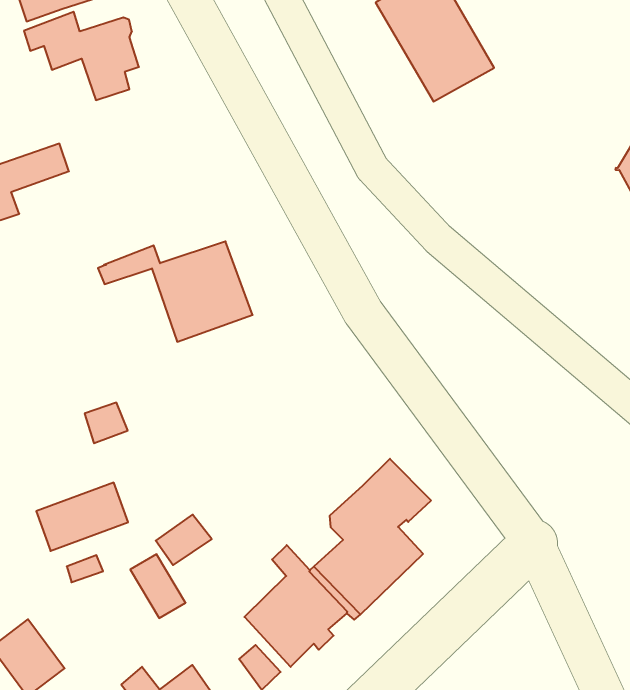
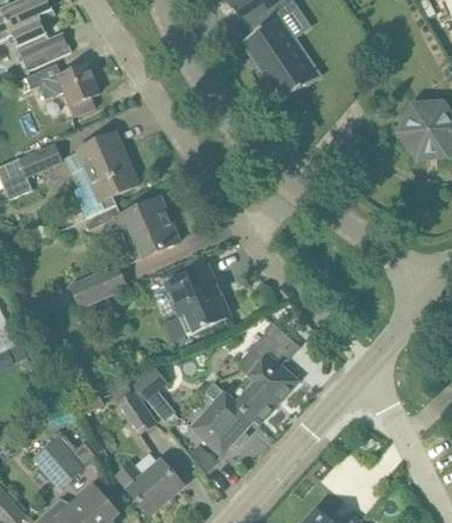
building: none -> [75,131,140,217]
building: none -> [167,263,233,334]
building: [36,483,128,551] -> [69,263,126,309]

